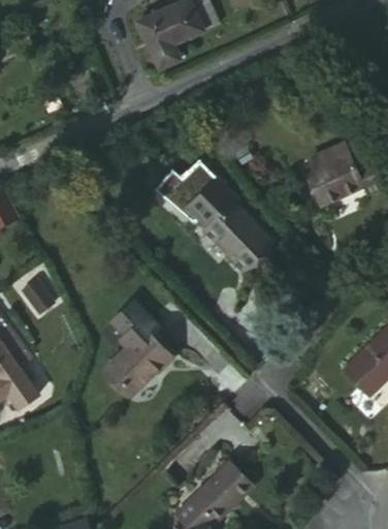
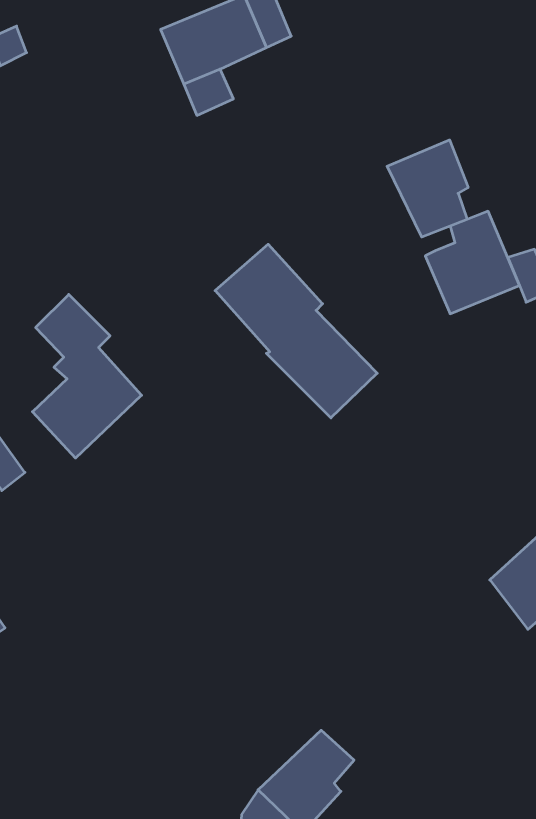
building: none -> [387,140,468,237]
building: [103,292,171,395] -> [32,294,142,458]

